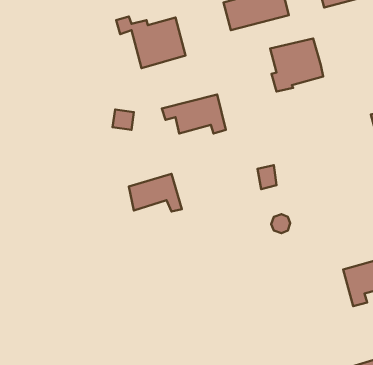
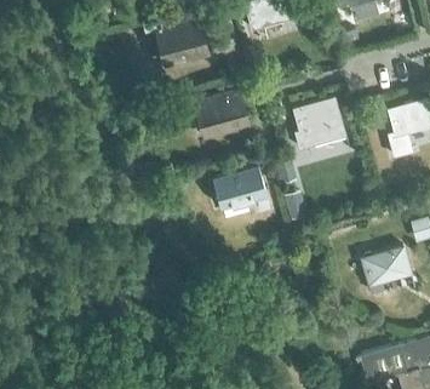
building: [270,39,323,92] -> [293,99,344,150]
building: [129,174,182,212] -> [217,166,268,202]

